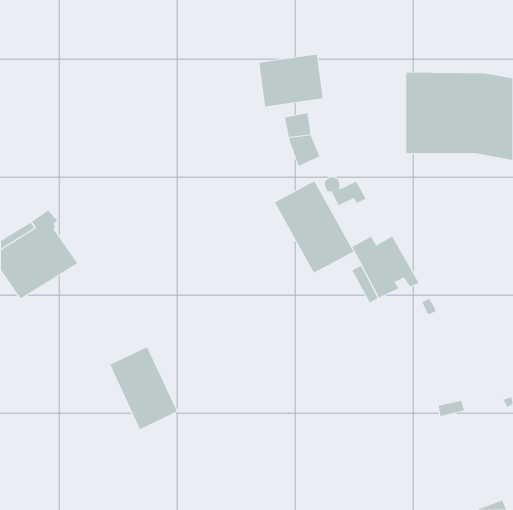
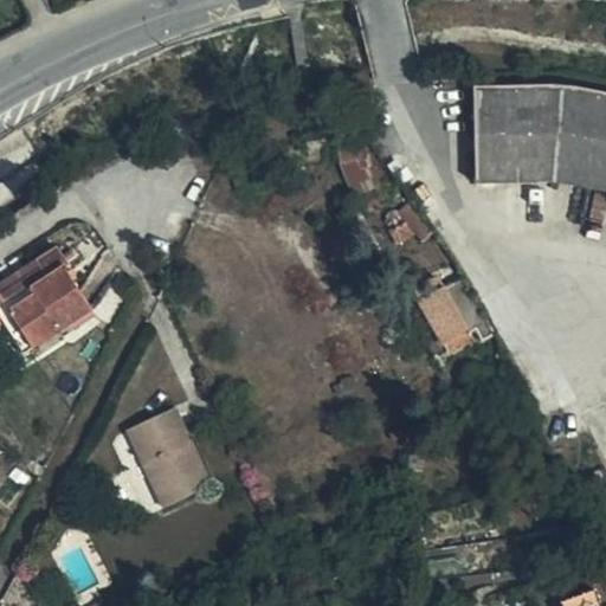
building: [259,54,323,107] -> none
building: [274,180,354,274] -> none

